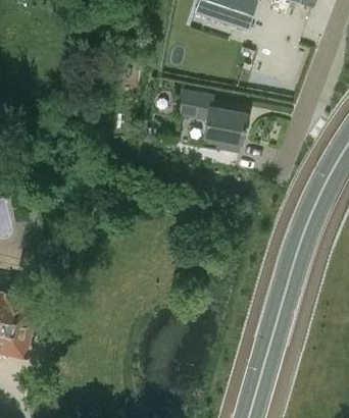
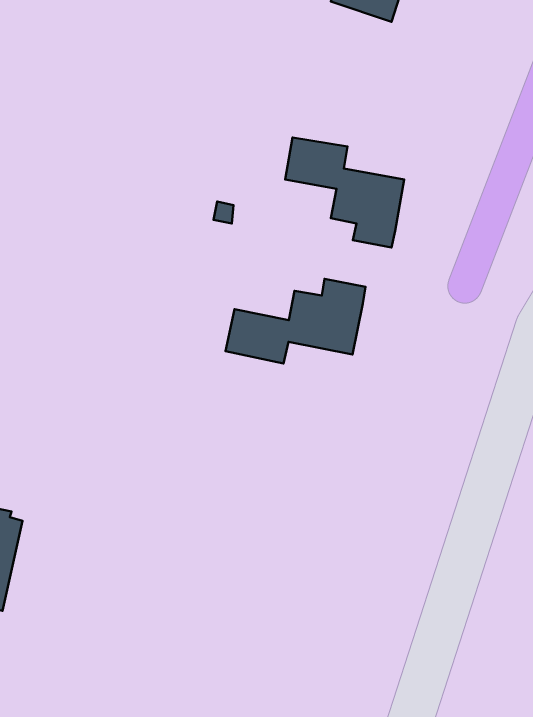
building: none -> [226,279,366,364]

